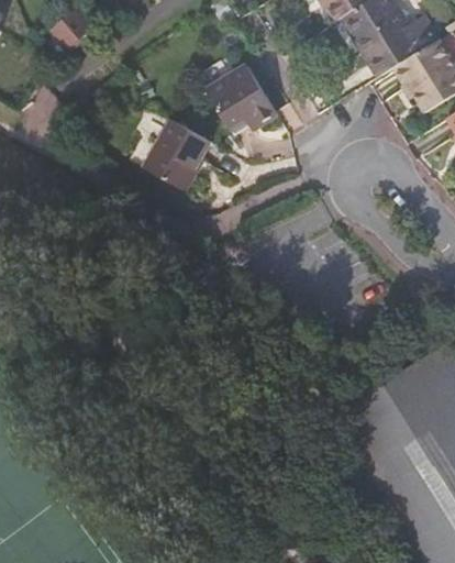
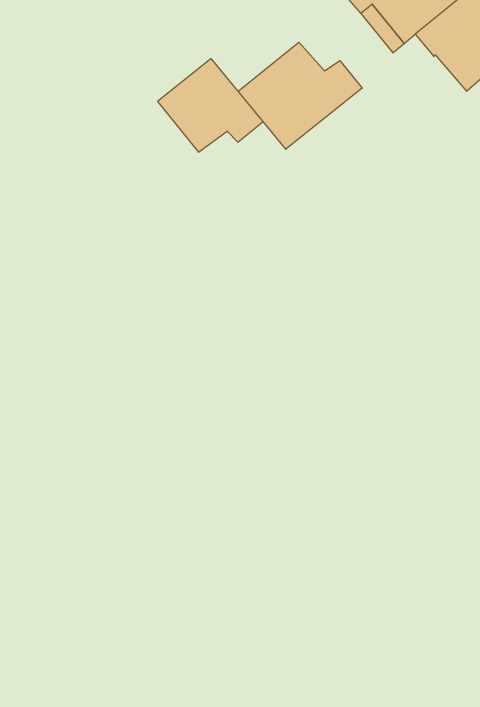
building: none -> [238,42,362,149]
building: [141,118,211,190] -> none

